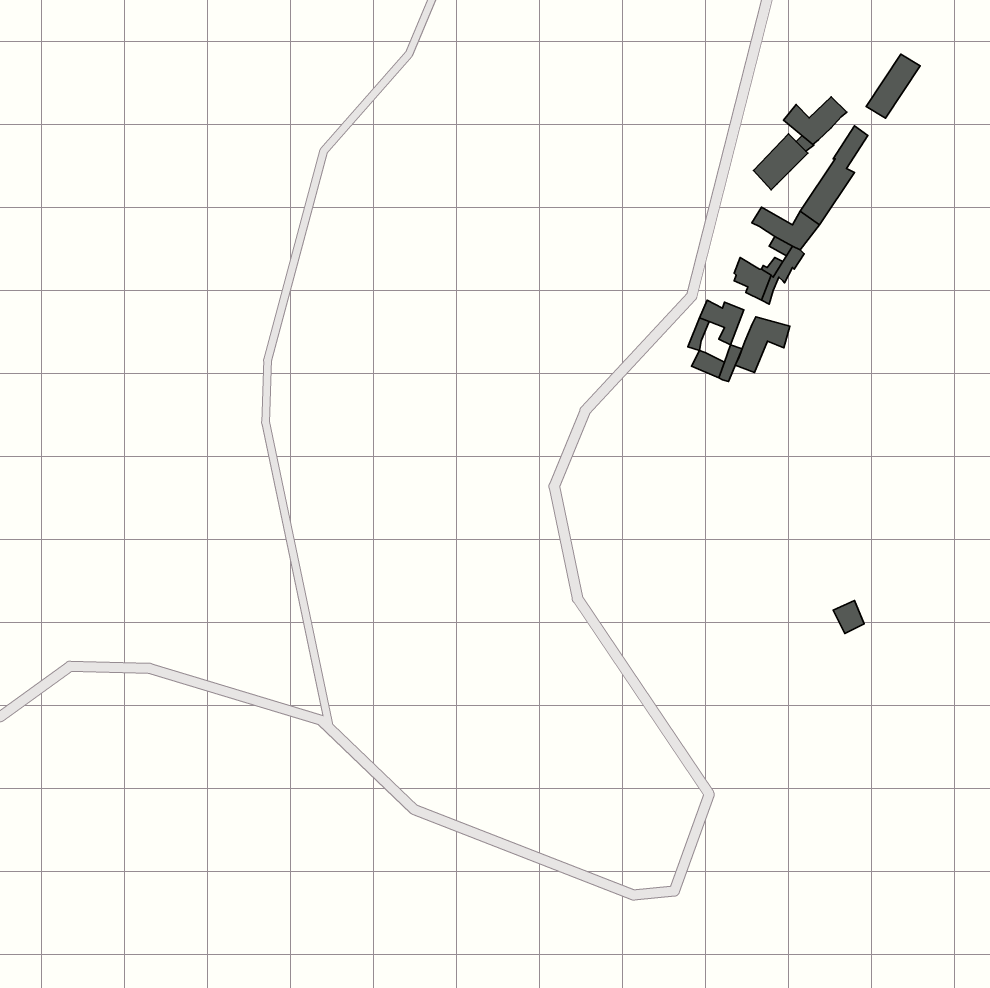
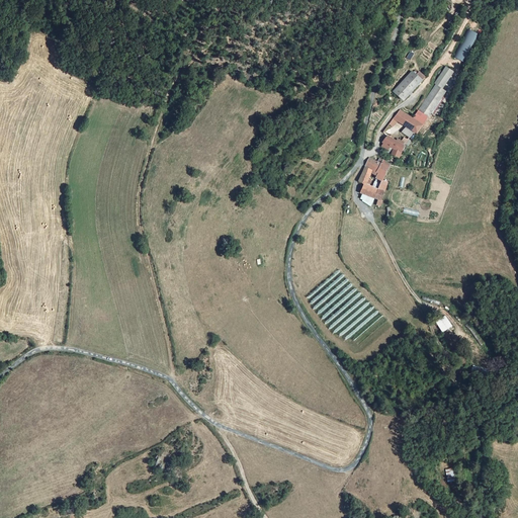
building: [784,97,847,145] -> none
building: [735,317,790,372] -> none

